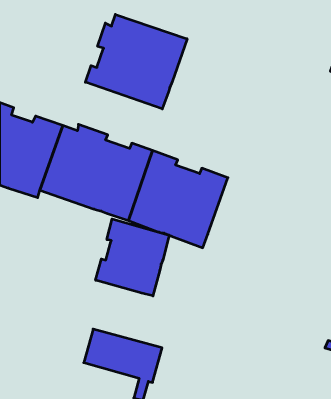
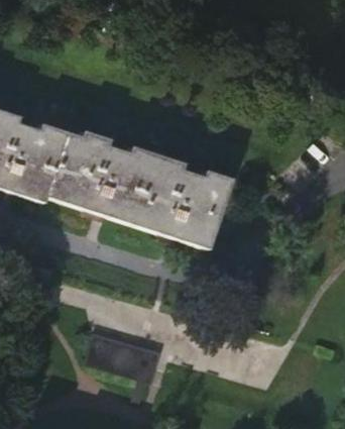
building: [85,14,187,109] -> none
building: [96,219,169,296] -> none

